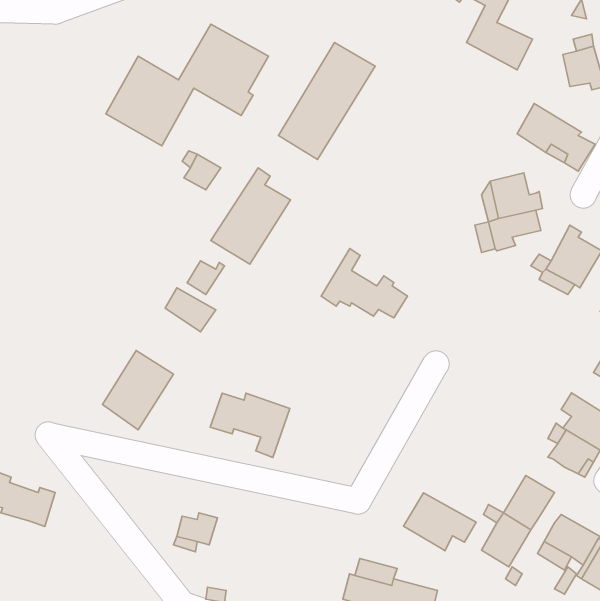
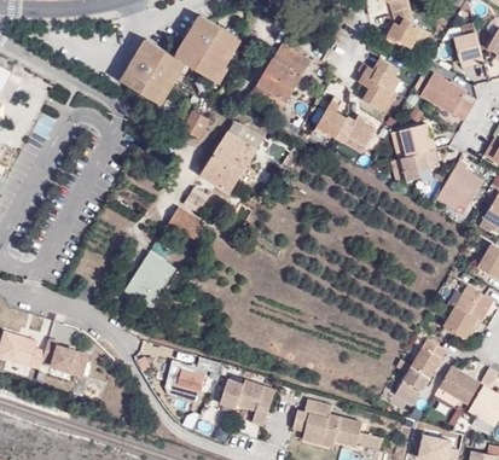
building: none -> [359,59,400,111]
building: [321,249,407,318] -> [314,97,376,146]
building: [210,393,290,458] -> [220,378,277,424]
building: [404,493,476,551] -> none

